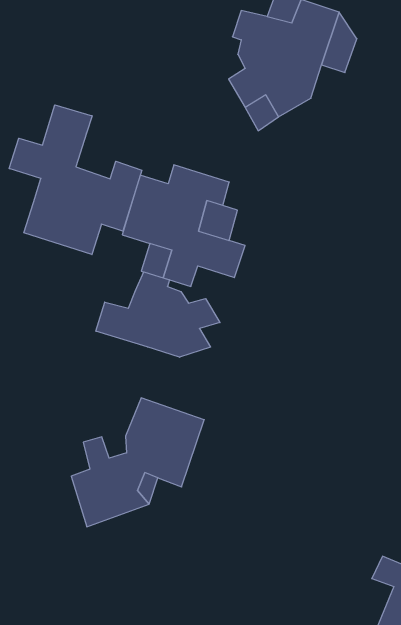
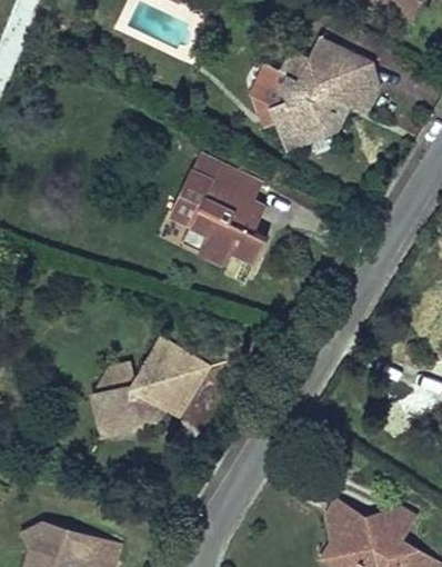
building: [9,105,142,255] -> none
building: [96,272,220,357] -> none

